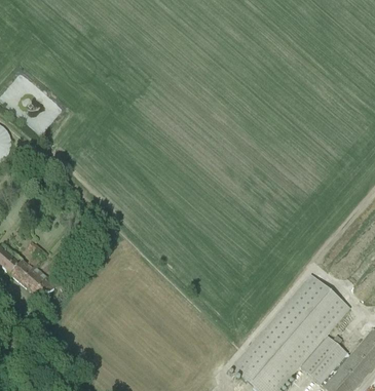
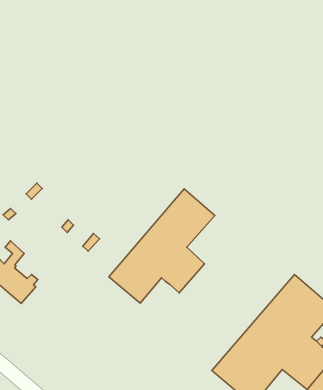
building: none -> [109,189,215,303]

